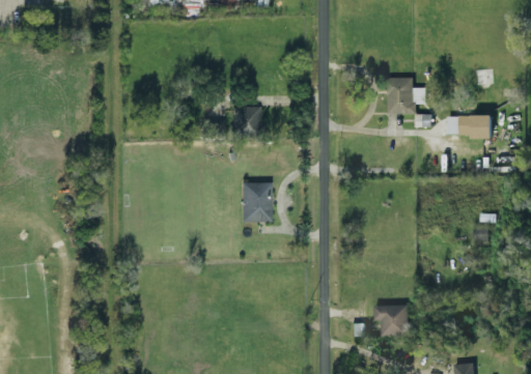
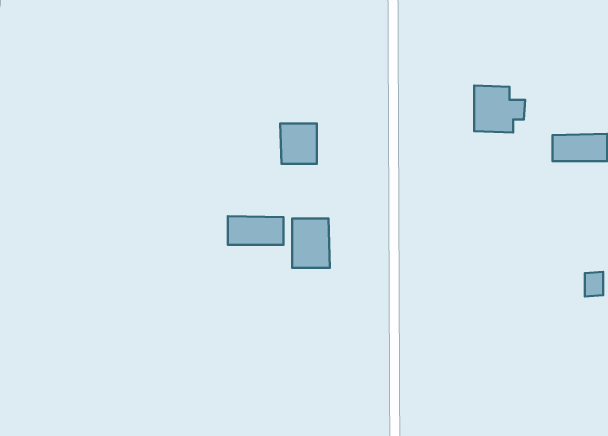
building: none -> [228,216,284,245]
building: [375,305,411,337] -> none

